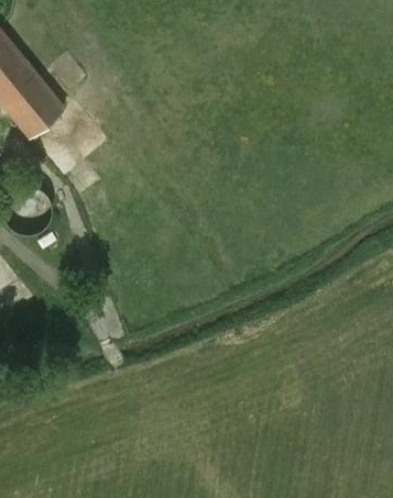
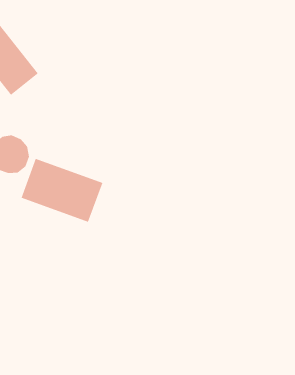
building: none -> [20,158,103,223]

